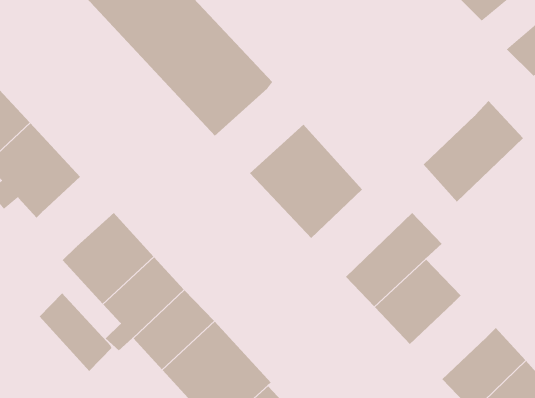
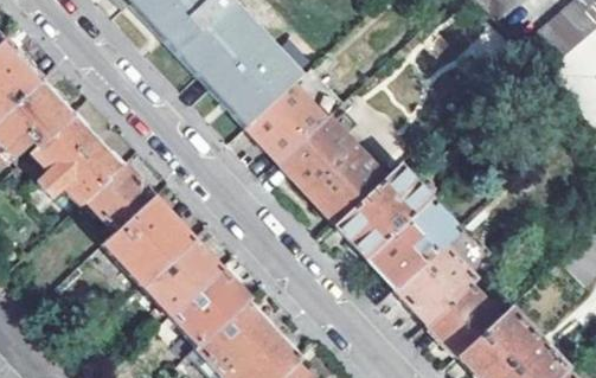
building: none -> [249,84,332,164]
building: [423,100,524,203] -> [339,165,434,261]
building: none -> [88,167,154,232]
building: [39,292,113,372] -> none
building: none -> [431,286,502,357]

